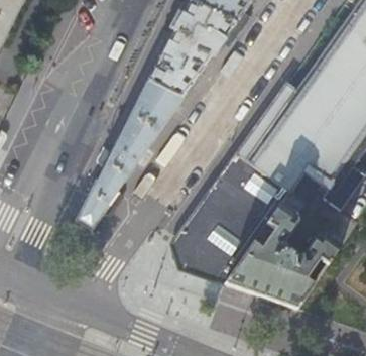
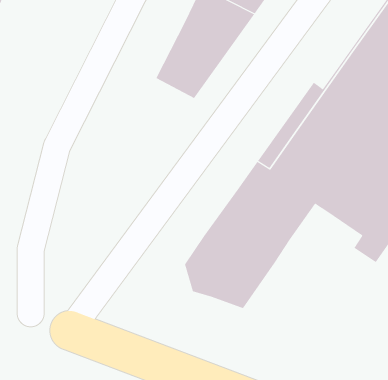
building: [77,82,180,228] -> none
building: [224,193,341,309] -> none

